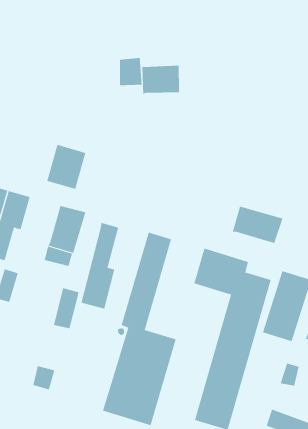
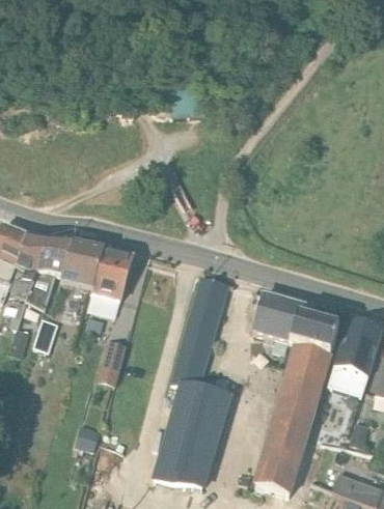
building: [142,65,179,94] -> none
building: [47,144,86,190] -> [61,238,105,288]
building: [232,206,283,244] -> none
building: [81,222,119,309] -> none

